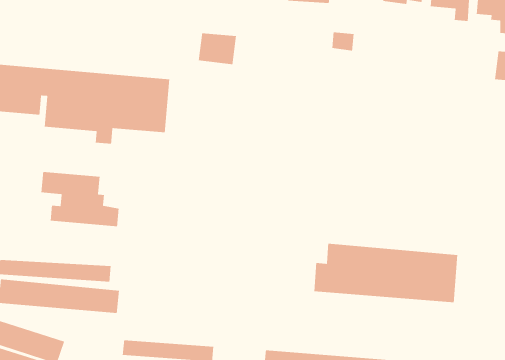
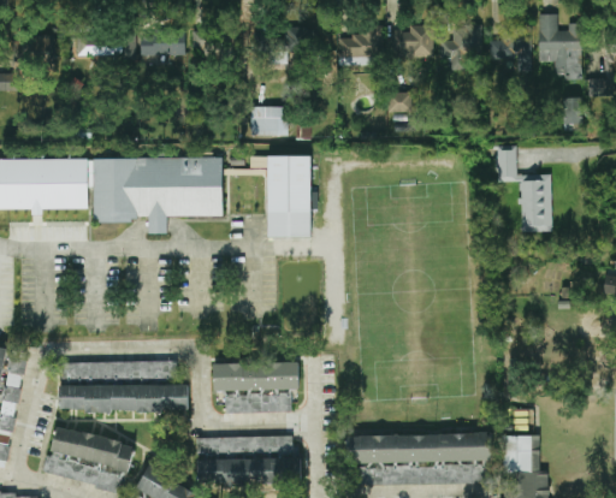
building: none -> [267,155,310,237]
building: none -> [497,146,551,231]
building: [40,171,120,227] -> none
building: [313,243,458,303] -> none
building: none -> [213,361,298,413]

